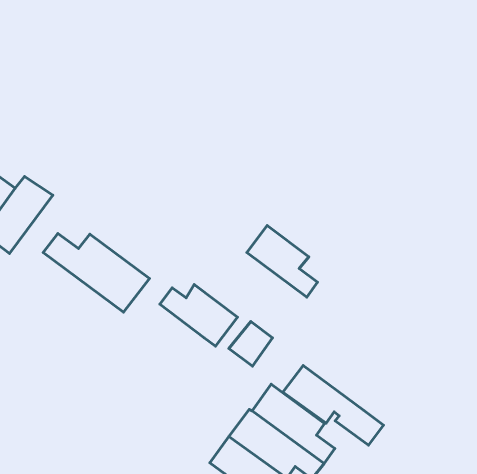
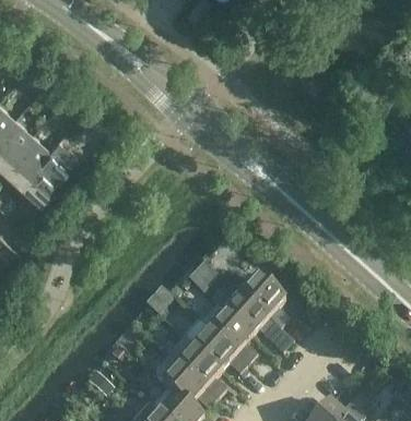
building: [247,226,318,297] -> [240,279,289,333]
building: [43,233,149,312] -> none
building: [160,285,237,346] -> none

